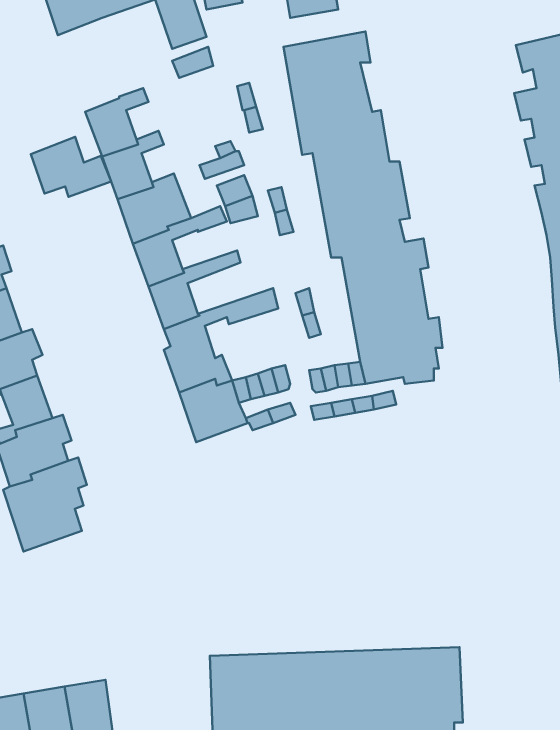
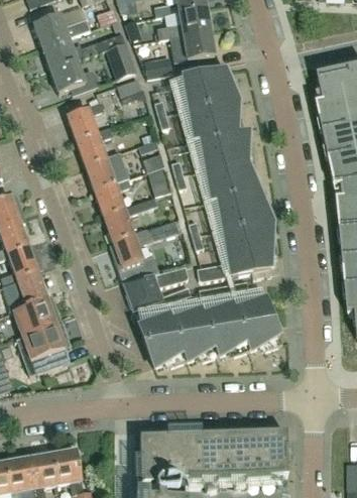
building: none -> [145,54,174,78]
building: [31,137,111,197] -> [49,60,97,96]
building: none -> [139,297,283,367]

